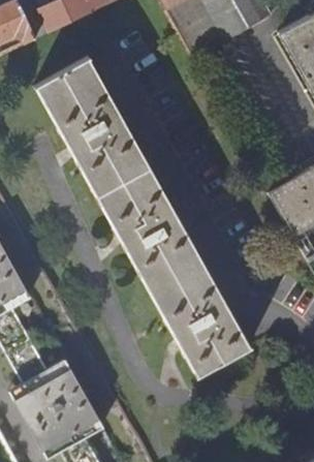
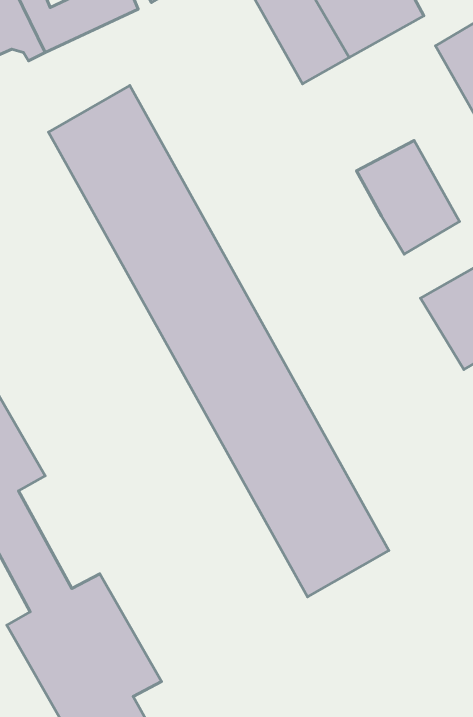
building: none -> [356,141,459,254]

